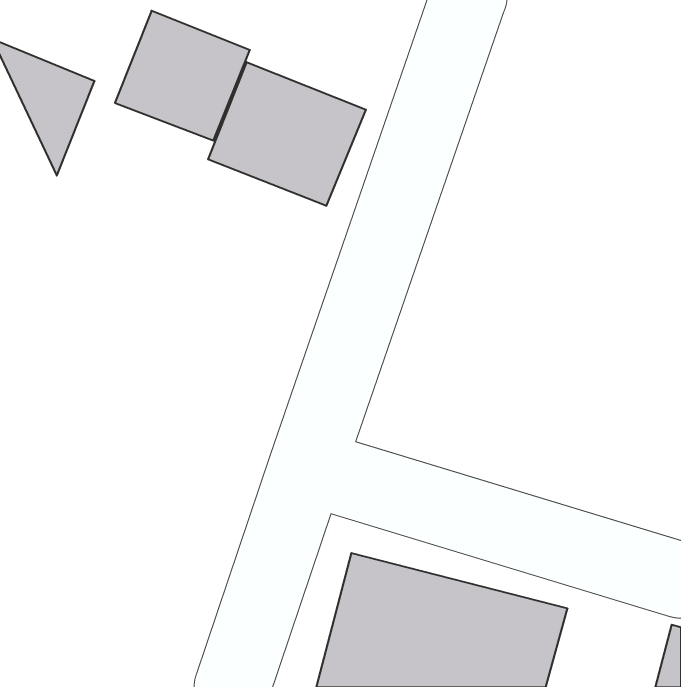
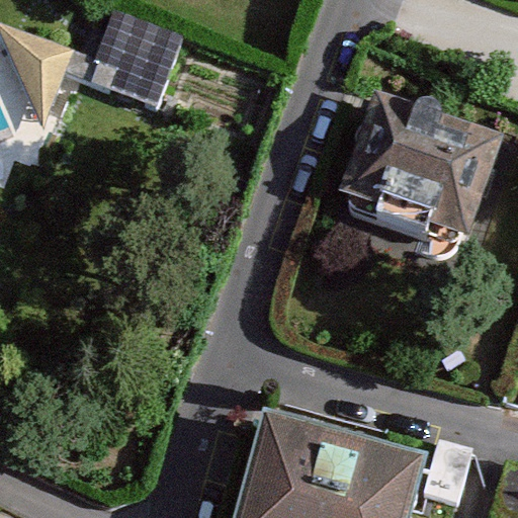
building: [208,62,366,206] -> none
building: none -> [344,95,501,246]

